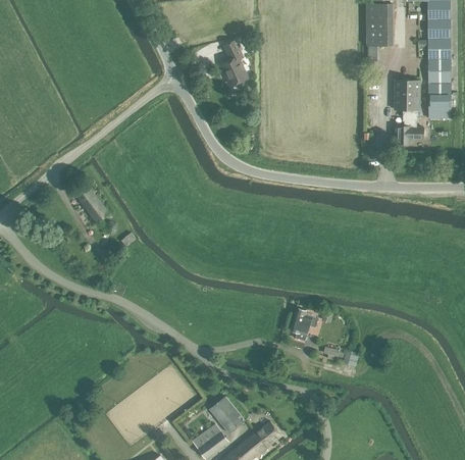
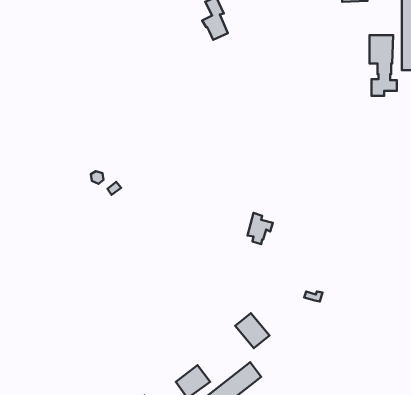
building: [74,185,109,223] -> none
building: [291,308,317,341] -> [248,213,273,244]
building: [209,397,245,433] -> [235,313,269,348]

